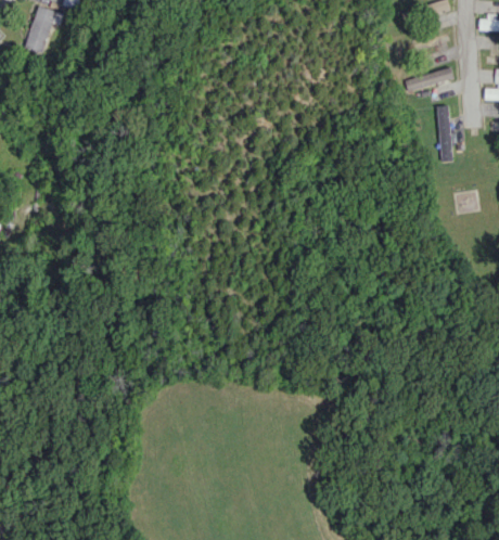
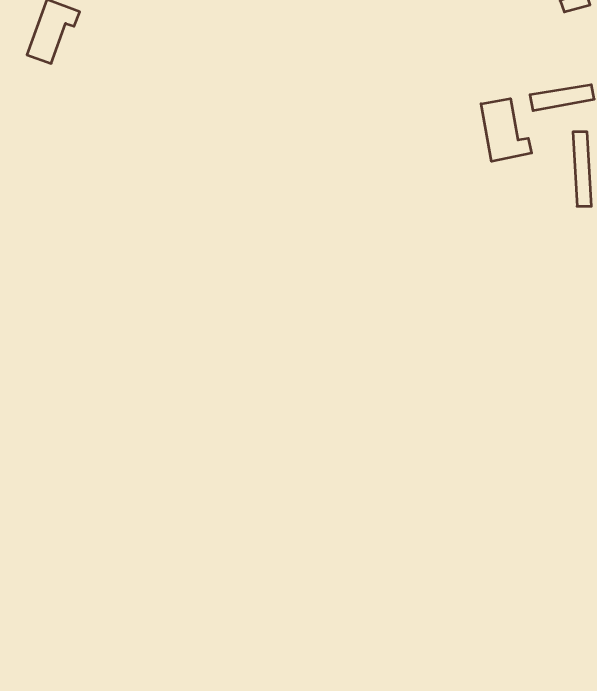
building: none -> [481,99,532,161]

